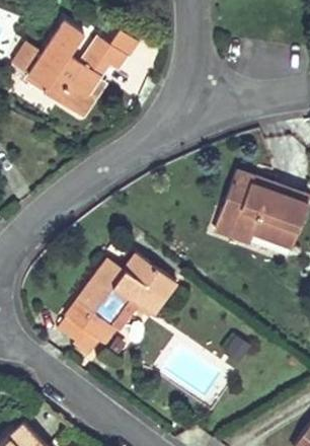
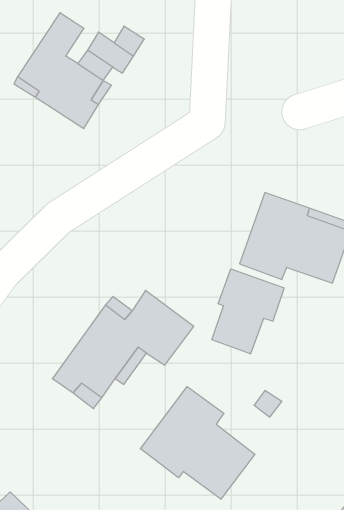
building: none -> [212,269,284,354]
building: none -> [140,387,255,499]

